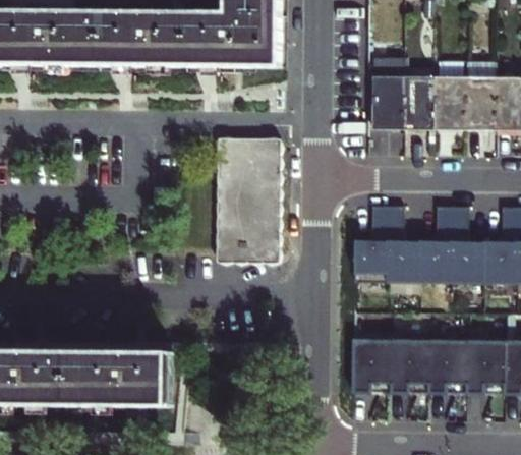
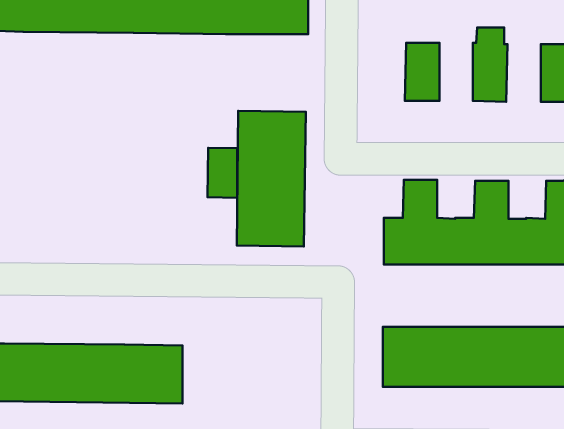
building: [465,62,497,130] -> none
building: [404,76,435,129] -> none
building: none -> [207,148,237,198]

